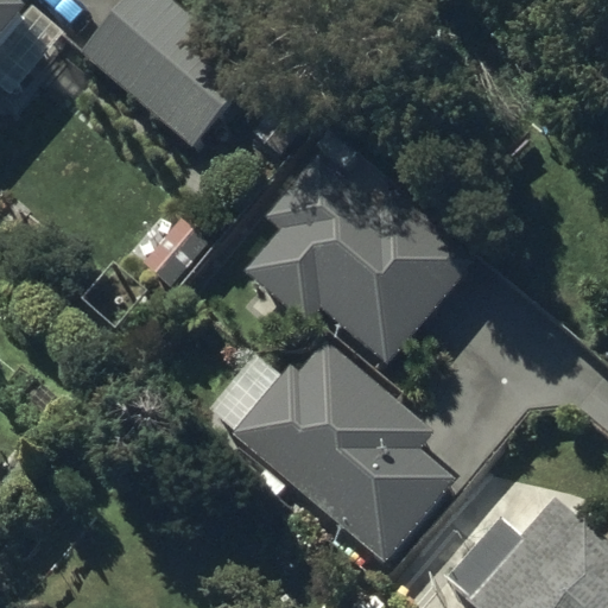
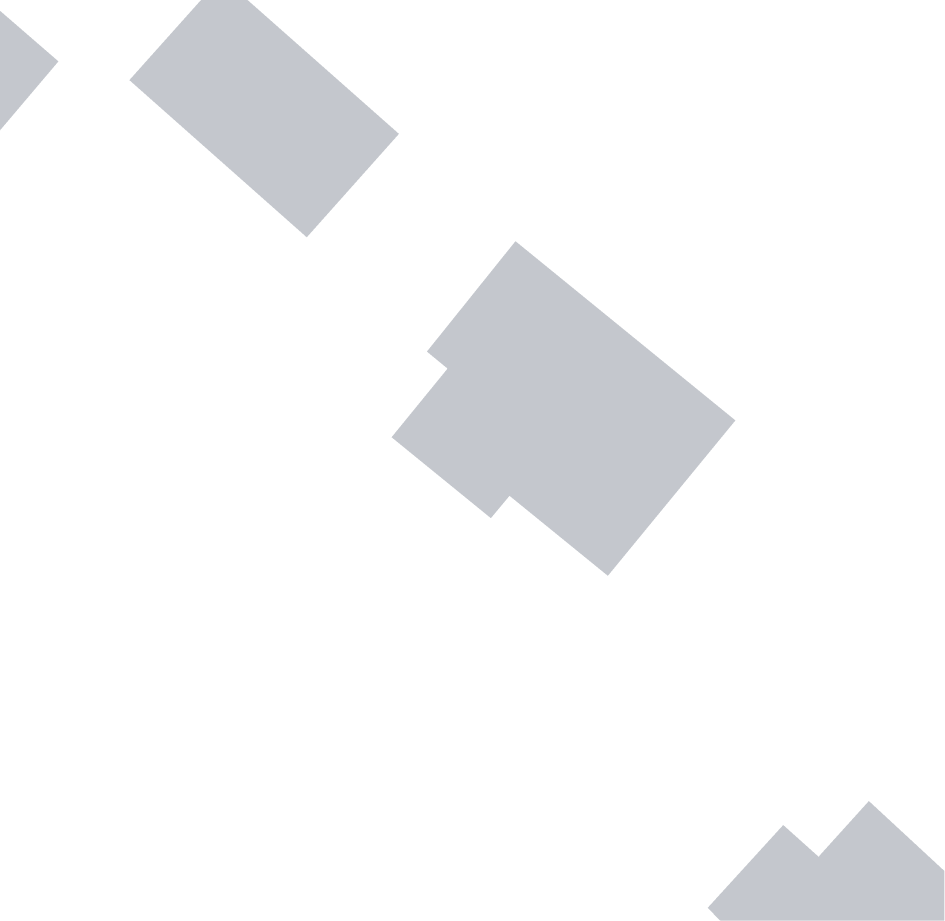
building: [235,349,452,565] -> none

